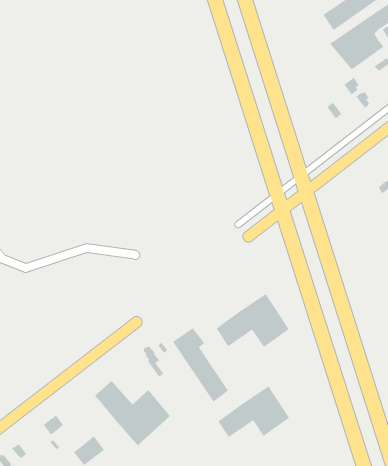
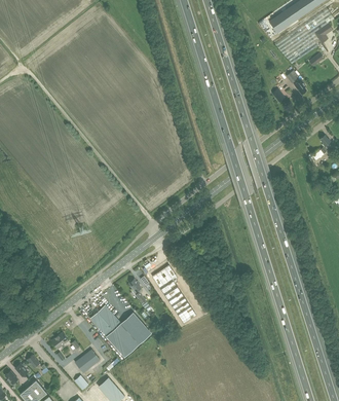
building: [216,293,290,348] -> none
building: [218,386,290,438] -> none

